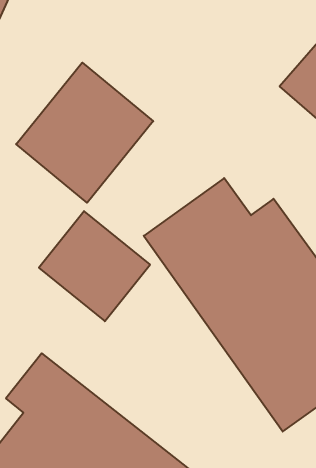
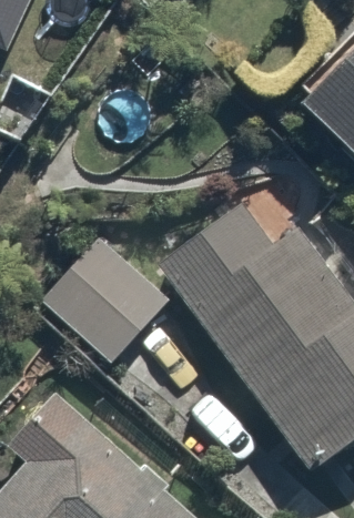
building: [16,63,153,203] -> none

